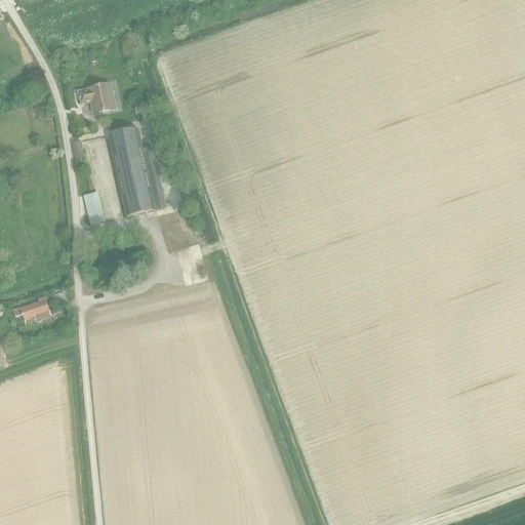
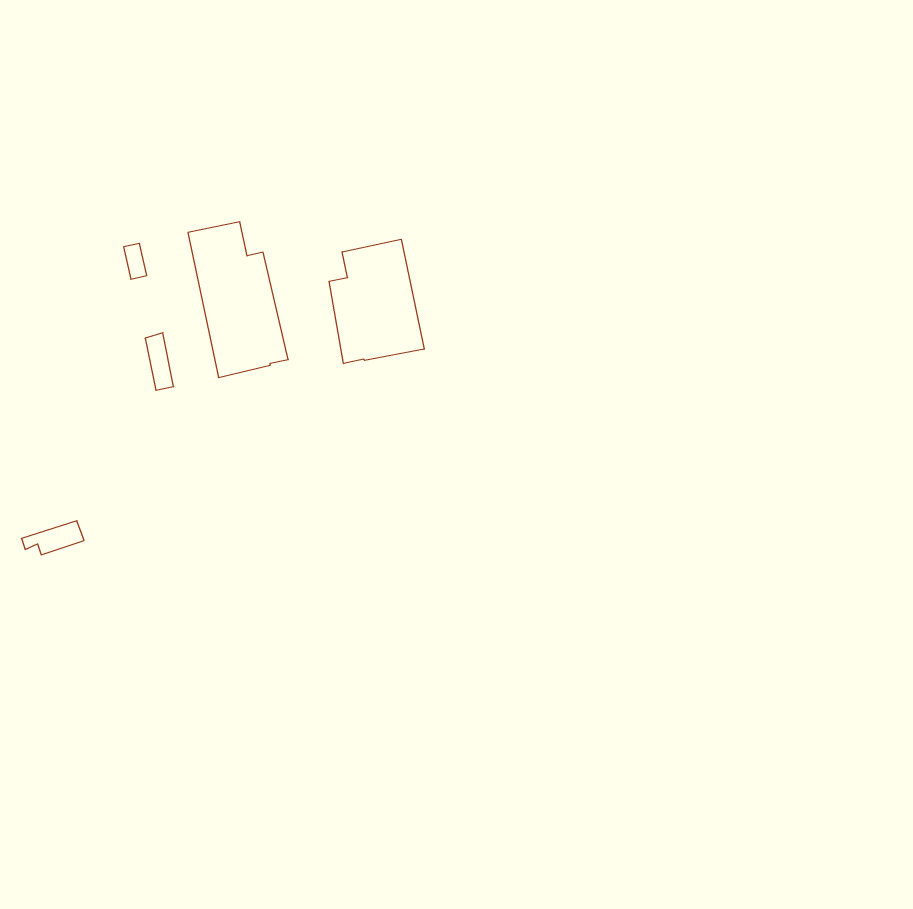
building: [77,83,114,111] -> none
building: none -> [329,239,424,364]

